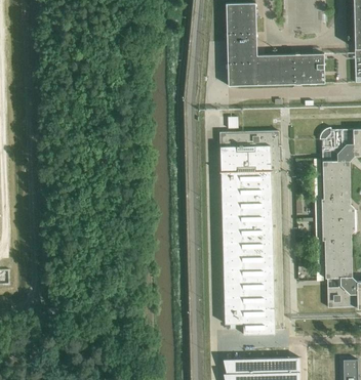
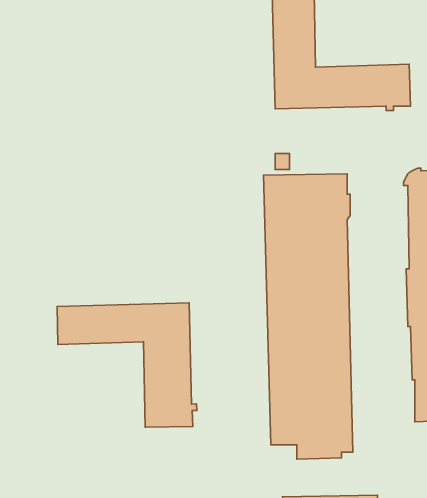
building: none -> [57,303,197,427]

